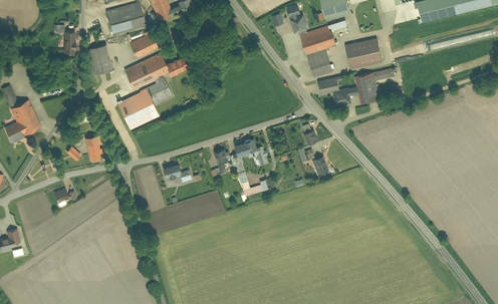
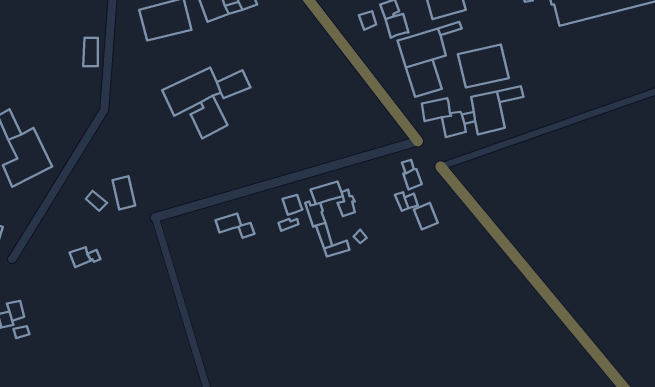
building: [128,33,157,59] -> none
building: [87,44,112,74] -> none
building: [114,90,157,131] -> none

